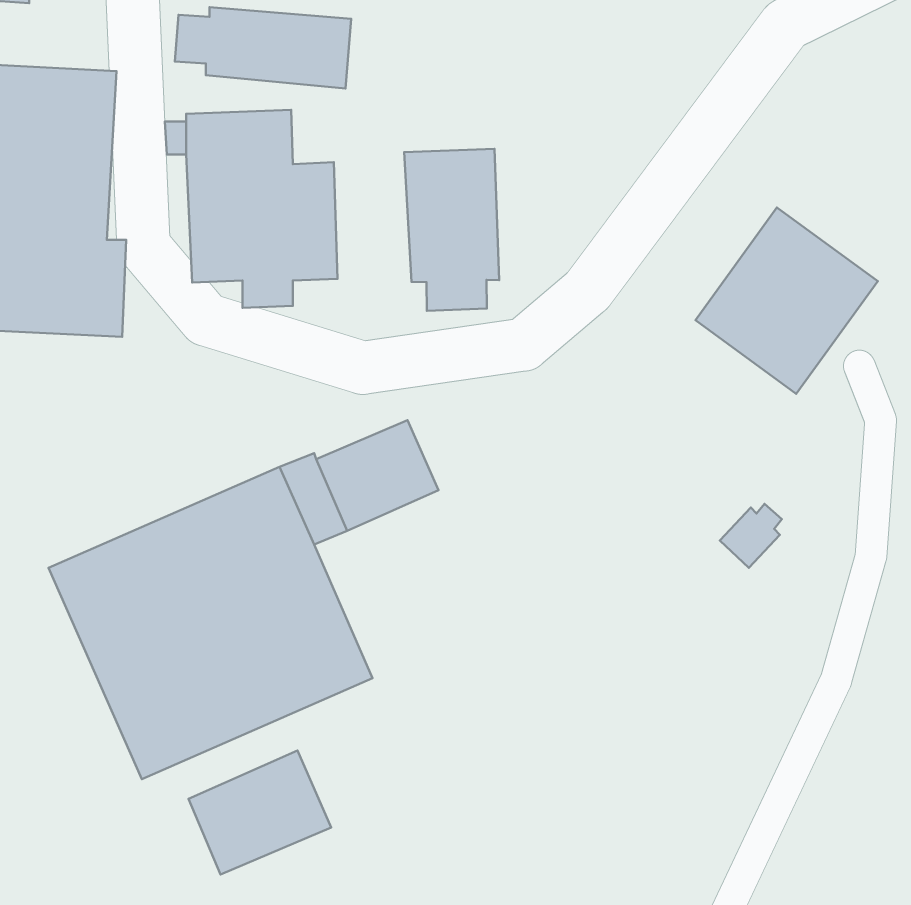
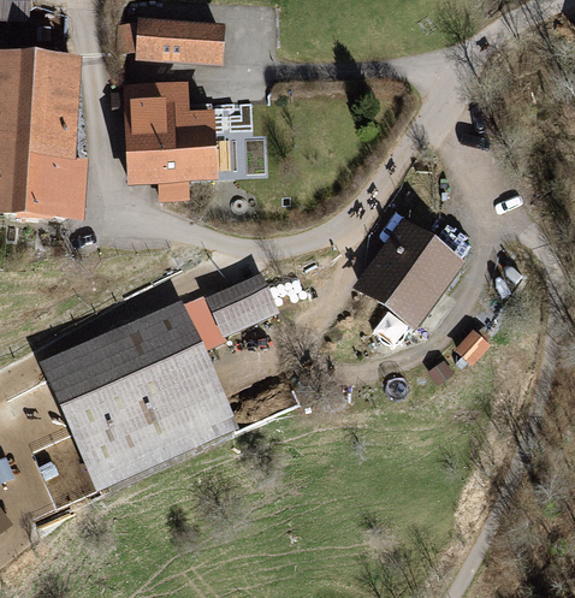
building: [404,149,499,311] -> none
building: [695,208,878,394] -> [354,217,467,332]
building: [188,751,331,874] -> none

